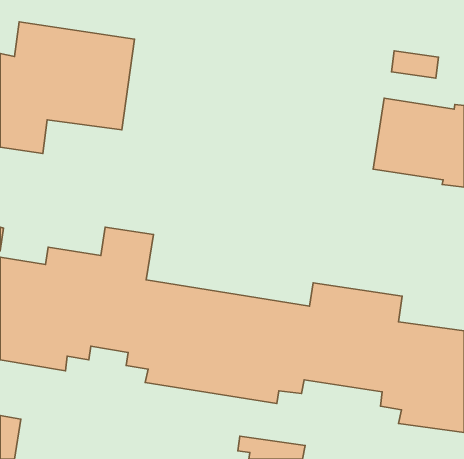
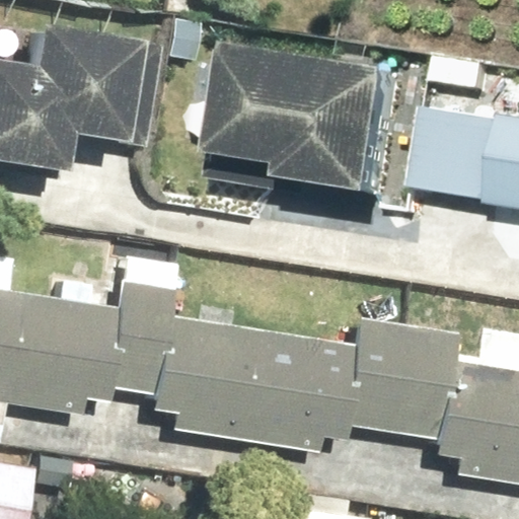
building: none -> [219,49,401,200]

